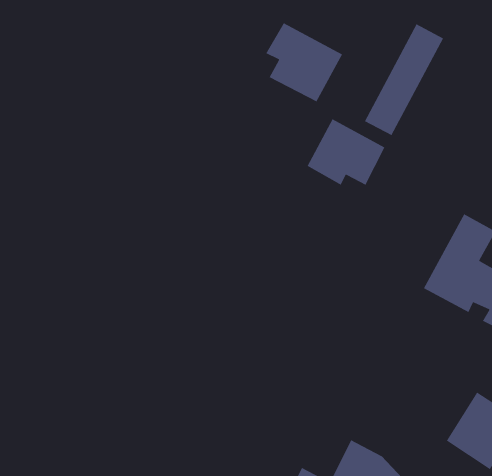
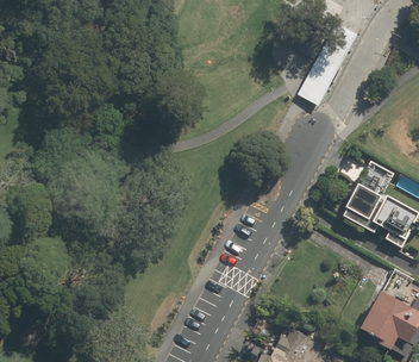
building: [265,22,343,102] -> none
building: [307,118,386,186] -> none

